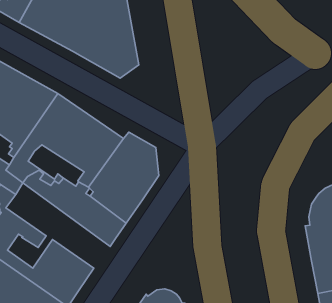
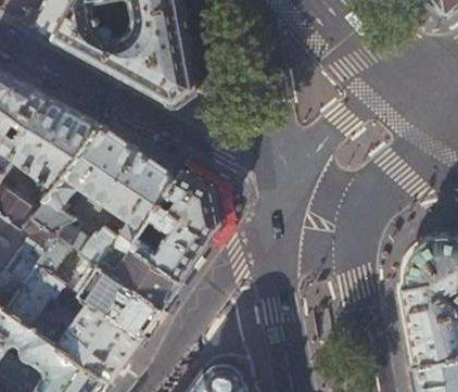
building: none -> [34,232,160,336]

